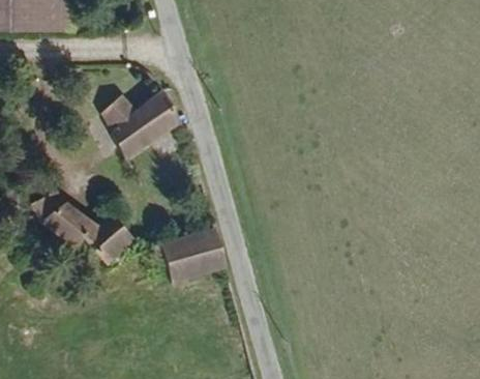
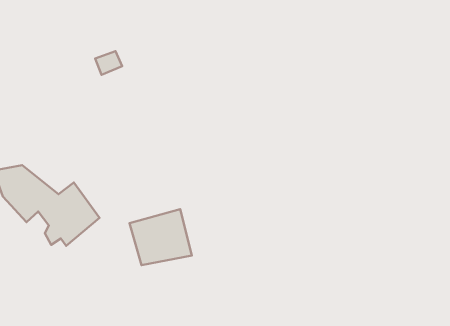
building: [92,88,182,158] -> none

